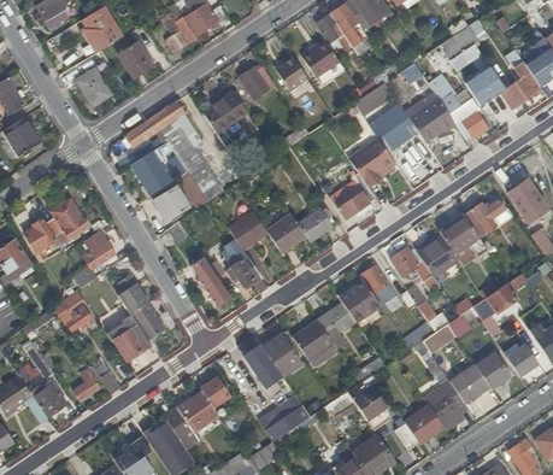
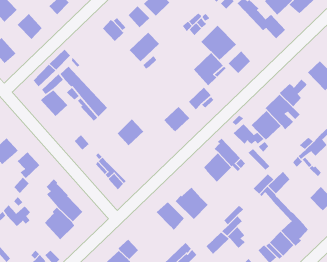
building: [405,93,455,141] -> none
building: [198,95,242,135] -> [129,32,160,62]
building: [153,187,188,222] -> none
building: [265,213,306,252] -> none
building: [223,244,269,293] -> none
building: [318,303,355,338] -> none
building: [245,345,283,388] -> none
building: [453,362,493,400] -> none

